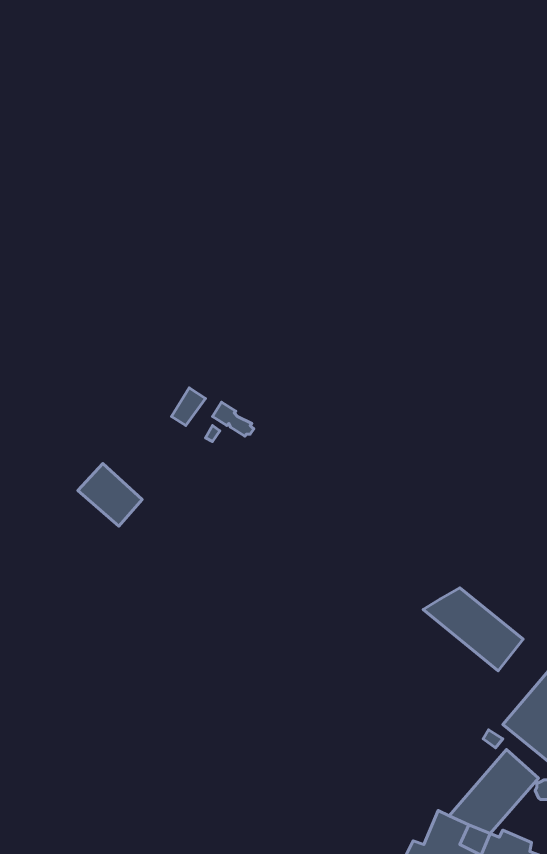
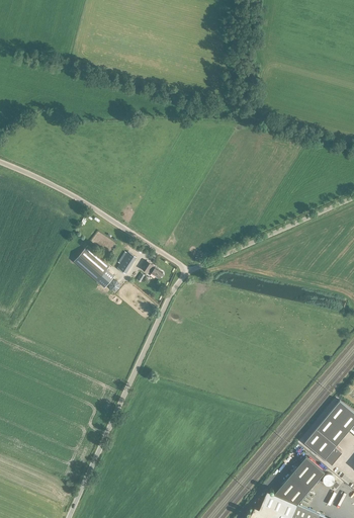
building: [78,464,142,526] -> [74,246,110,281]
building: [423,588,523,671] -> none

